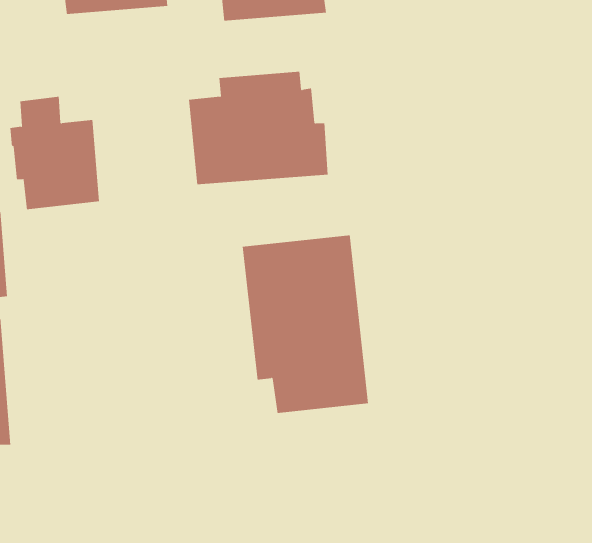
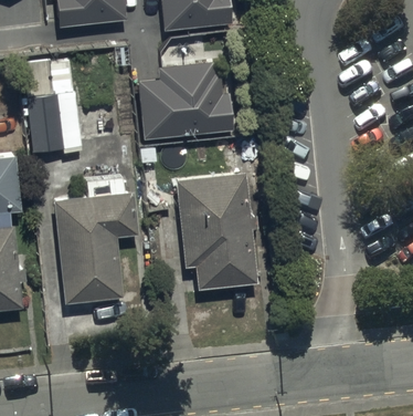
building: none -> [54,177,138,301]

